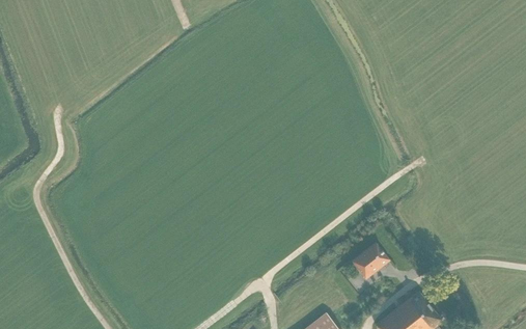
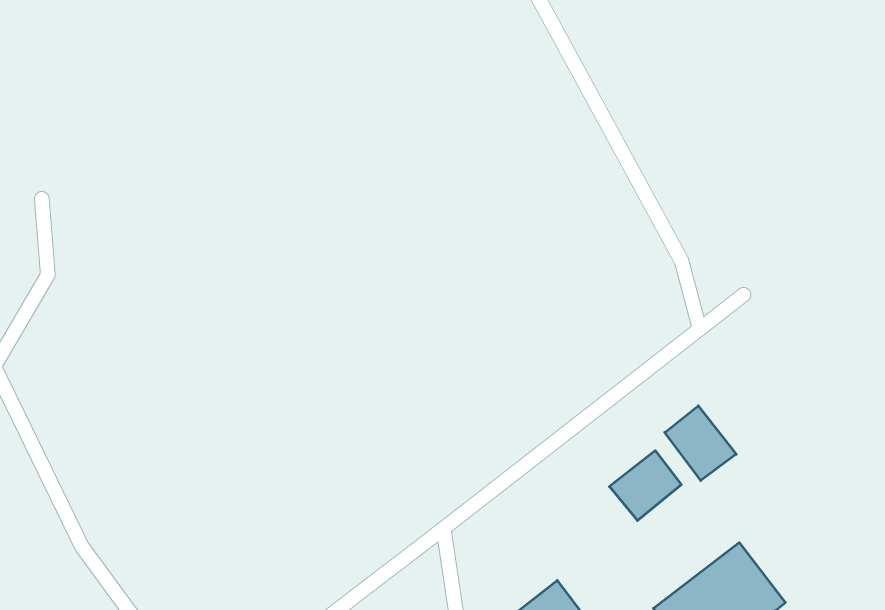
building: none -> [665,406,736,481]

